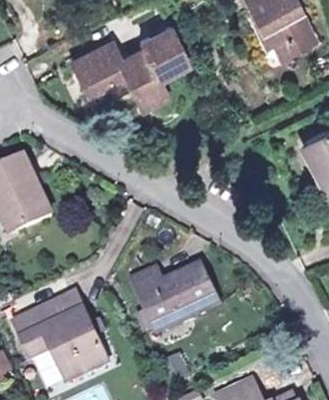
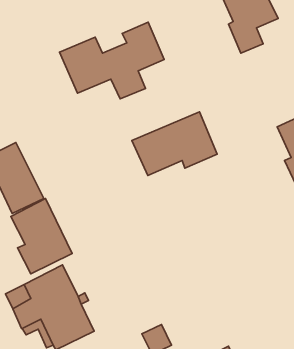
building: none -> [132,112,217,175]
building: none -> [11,199,72,274]
building: [131,263,220,324] -> none

